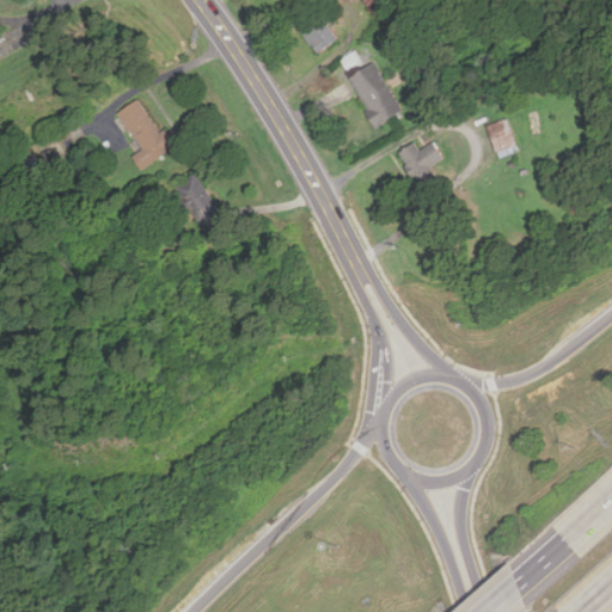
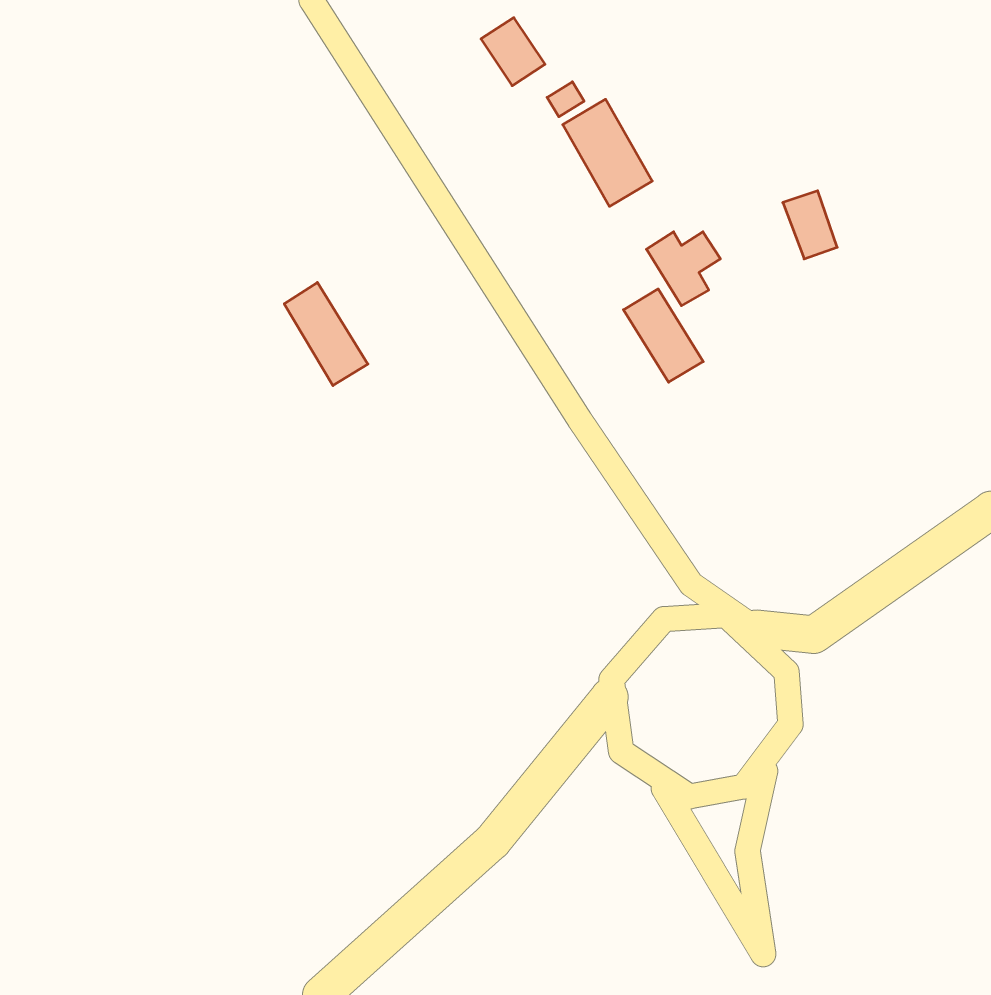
building: [116,98,170,169] -> none
building: none -> [623,289,703,382]

